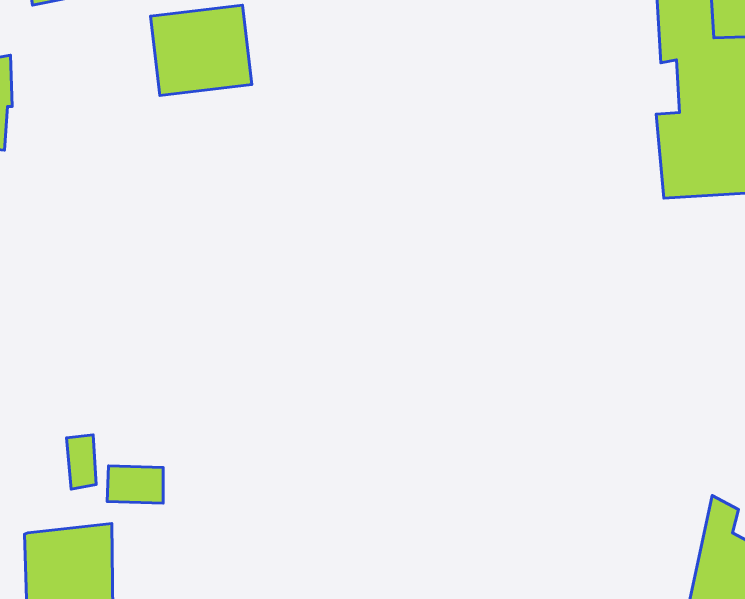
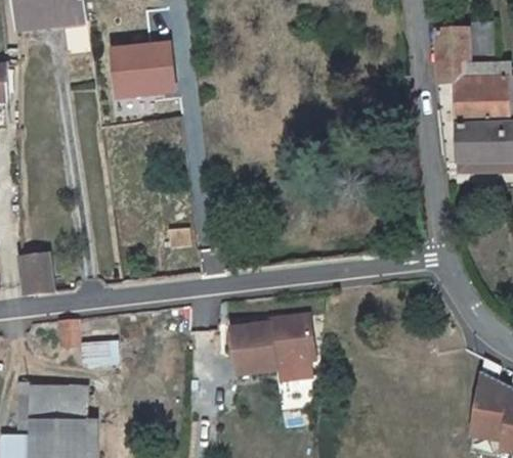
building: none -> [20,254,47,293]
building: none -> [221,317,304,376]

